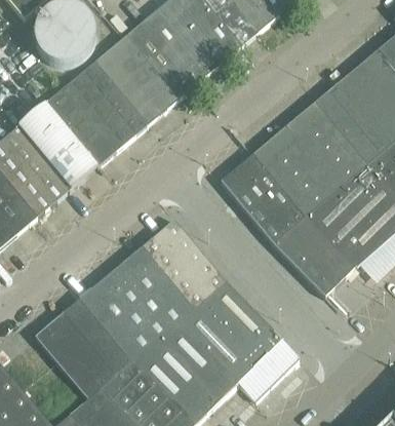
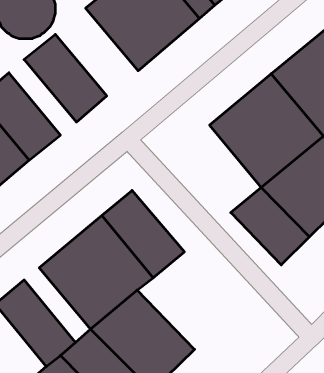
building: [95,35,180,124] -> none
building: [48,87,117,164] -> none
building: [221,154,305,243] -> none
building: [179,283,300,400] -> none
building: [64,300,131,376] -> none

